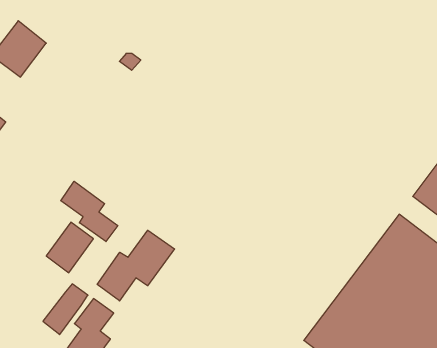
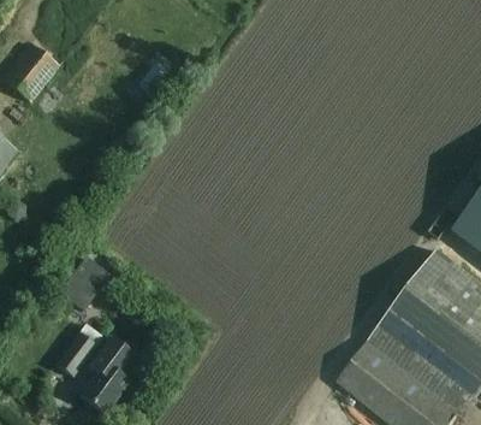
building: [61,181,118,242] -> none
building: [97,230,175,301] -> none

